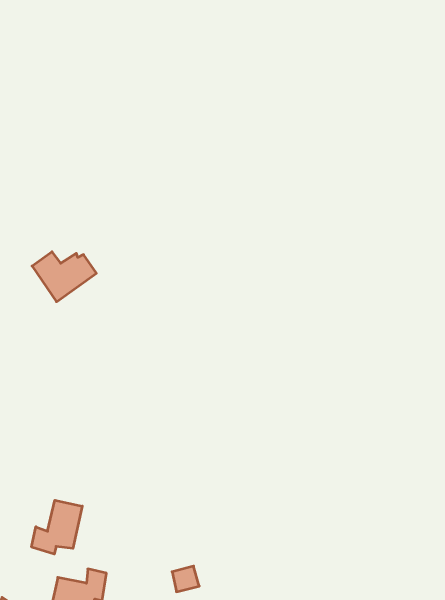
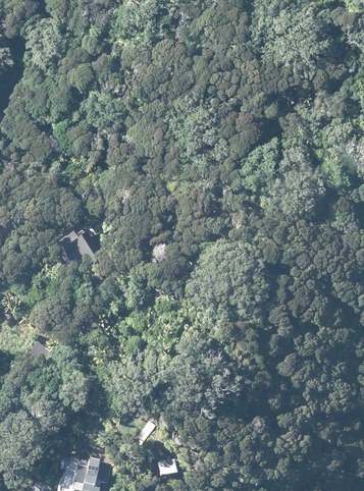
building: [32,500,82,554] -> none

